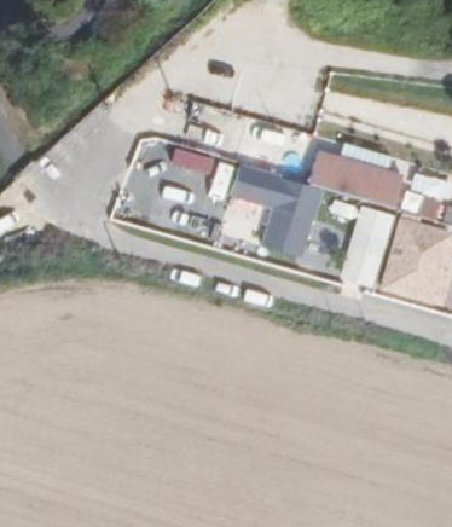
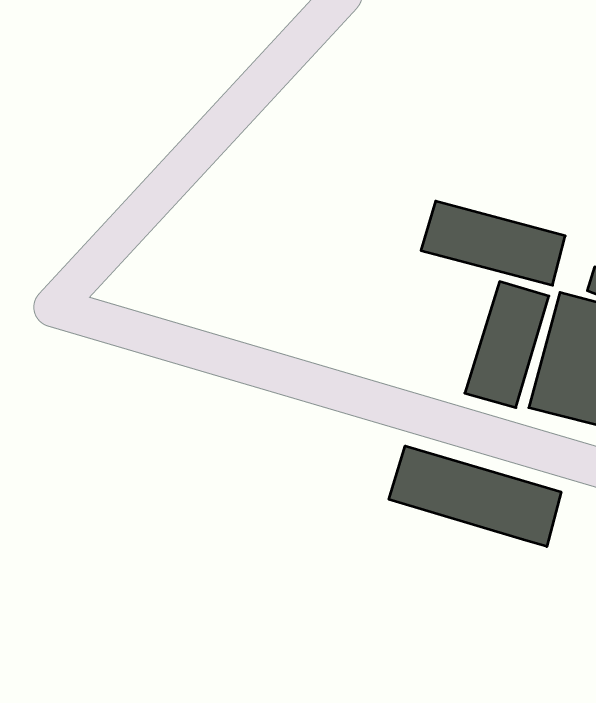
building: [232,164,321,256] -> none
building: none -> [389,446,561,547]

